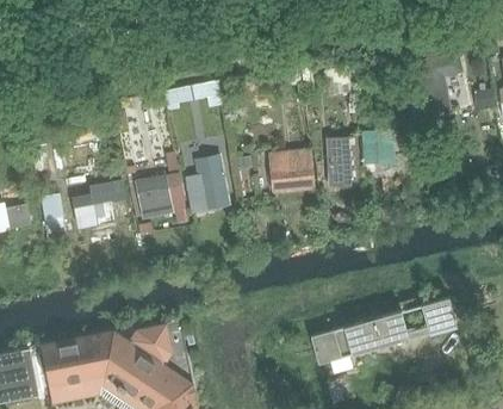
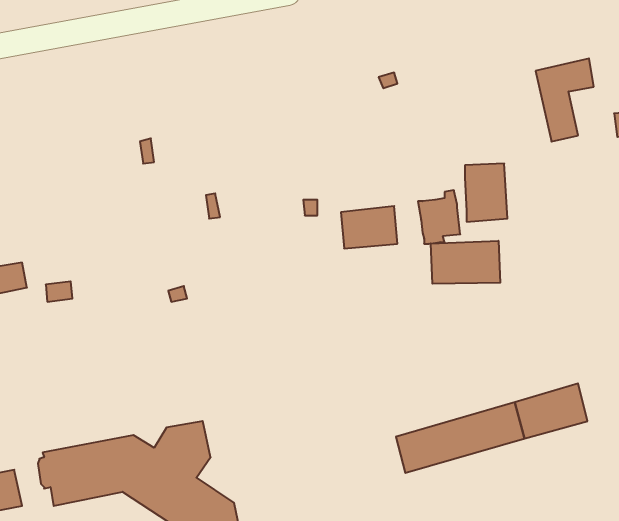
building: [186,155,226,209] -> none
building: [132,173,187,223] -> none
building: [74,181,120,225] -> none
building: none -> [431,241,500,284]

